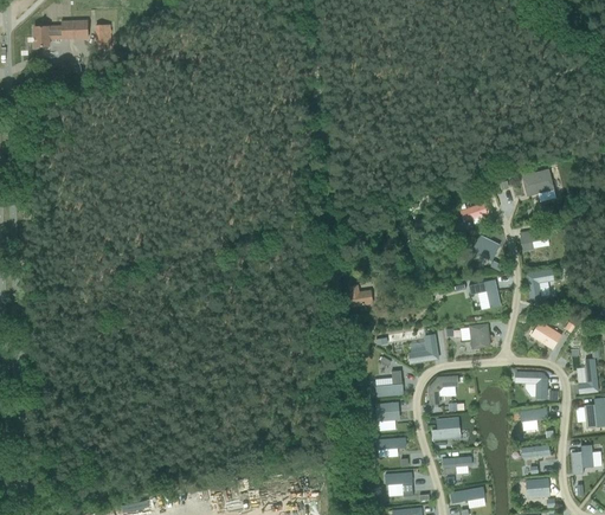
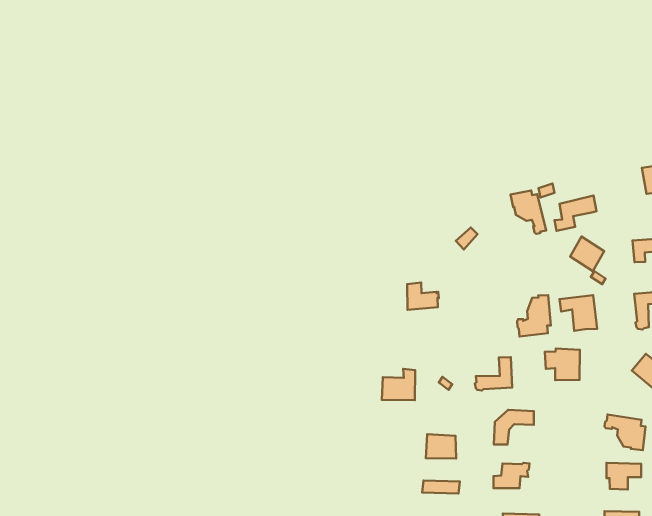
building: none -> [510,191,546,234]
building: none -> [517,295,551,336]
building: [375,371,403,397] -> [382,369,415,400]

